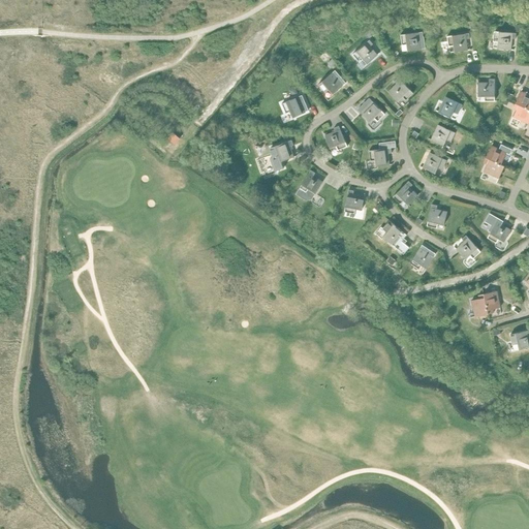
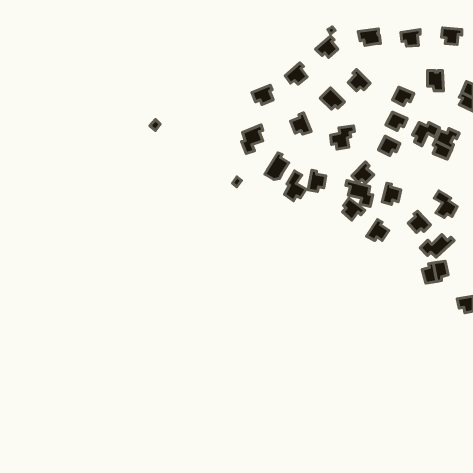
building: none -> [413,122,440,146]
building: none -> [284,171,306,201]
building: none -> [346,180,373,206]
building: none -> [420,234,454,257]

